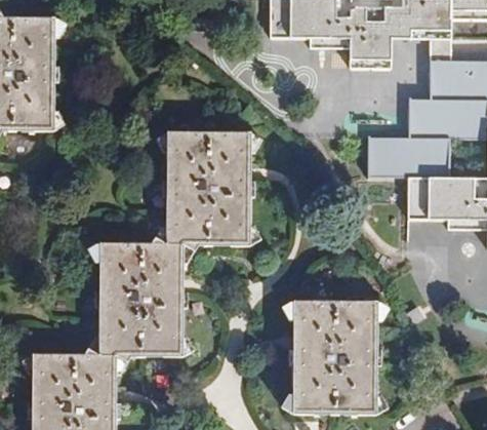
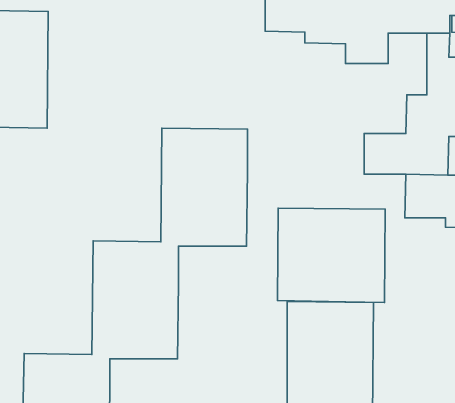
building: none -> [278,208,385,303]

